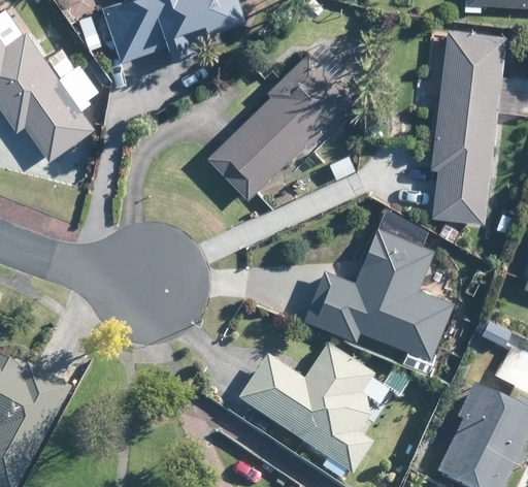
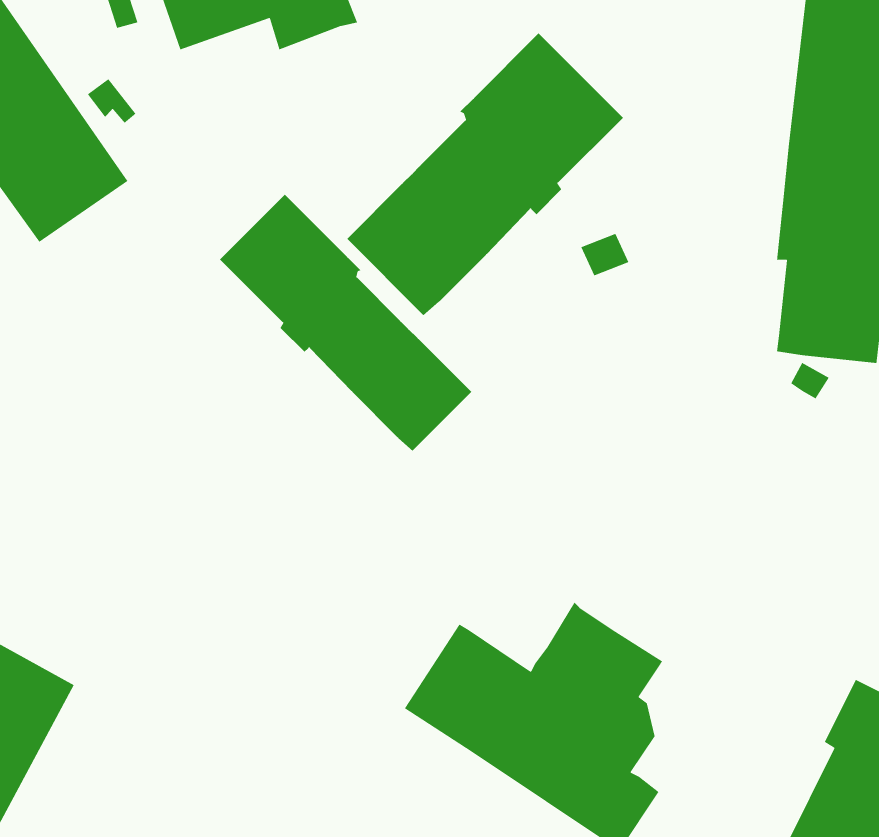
building: none -> [219,194,472,452]
building: [304,227,453,359] -> none

